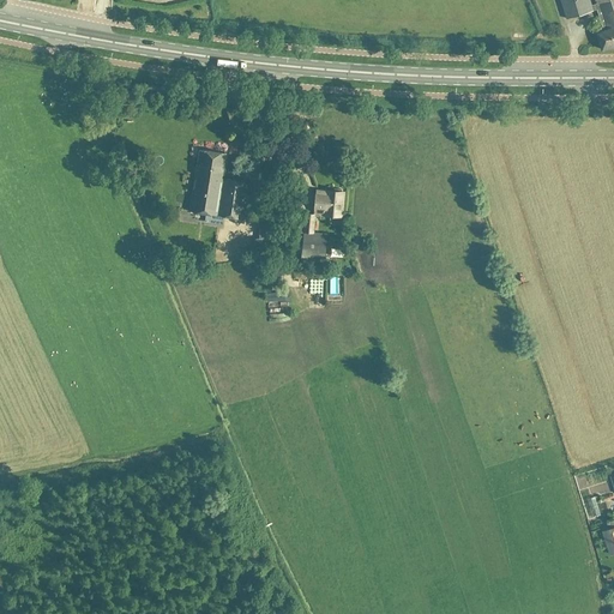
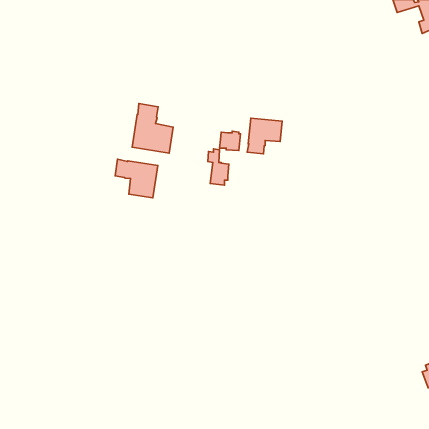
building: none -> [247,118,282,154]
building: none -> [115,159,158,198]

